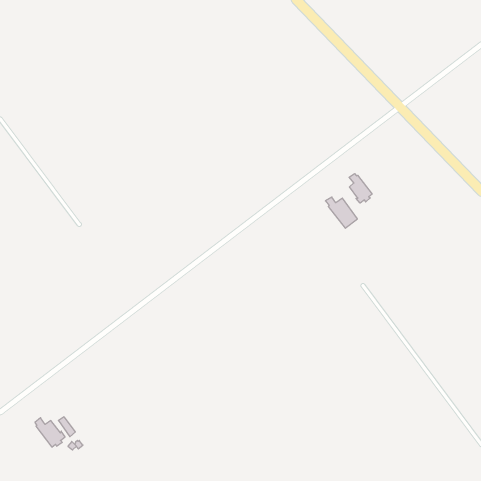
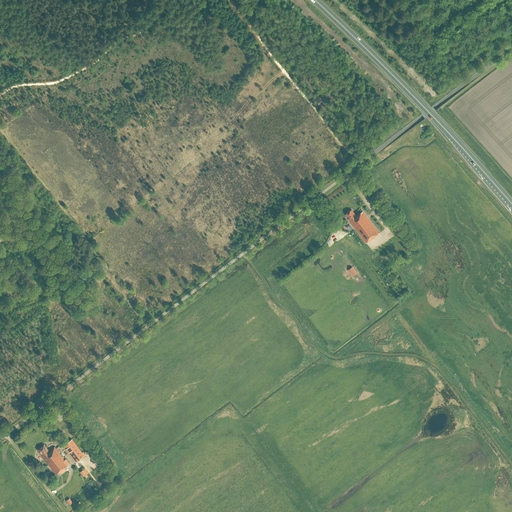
building: [349,174,372,203] -> none

